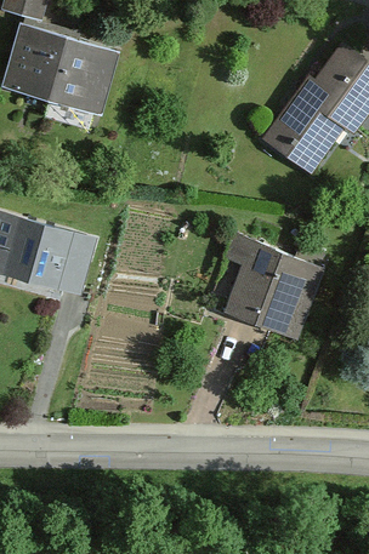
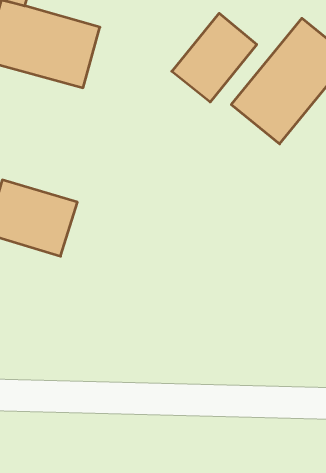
building: none -> [172,13,257,102]
building: [205,232,325,338] -> none

